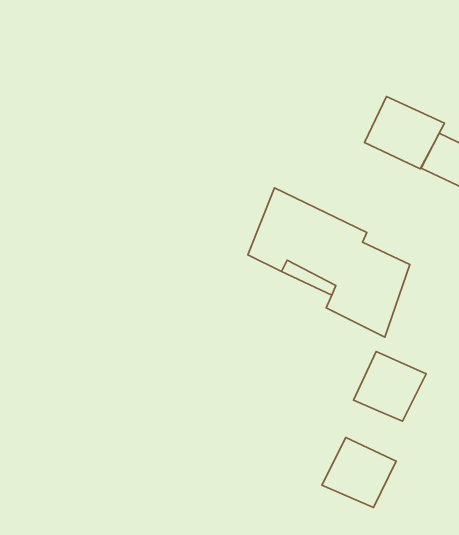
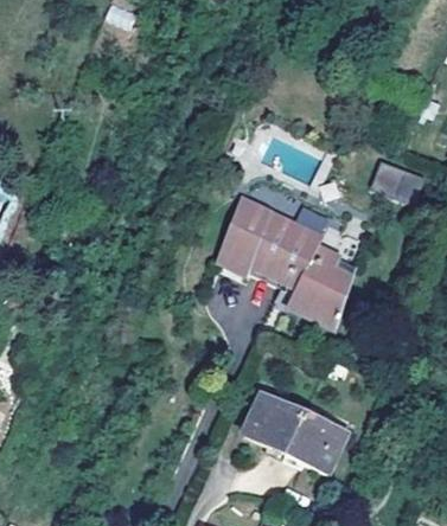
building: [365,97,445,169] -> none
building: [354,351,426,421] -> [242,392,304,451]

